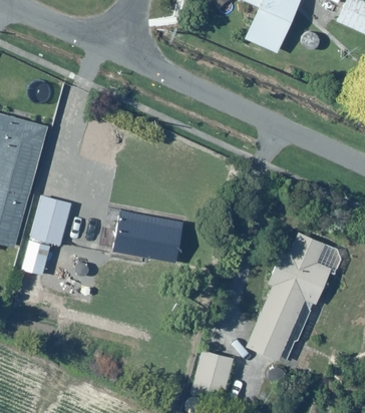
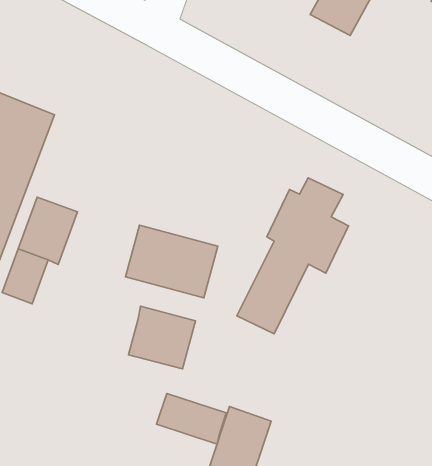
building: [249,235,331,358] -> [237,178,349,334]
building: none -> [129,306,195,369]
building: none -> [156,393,226,444]

